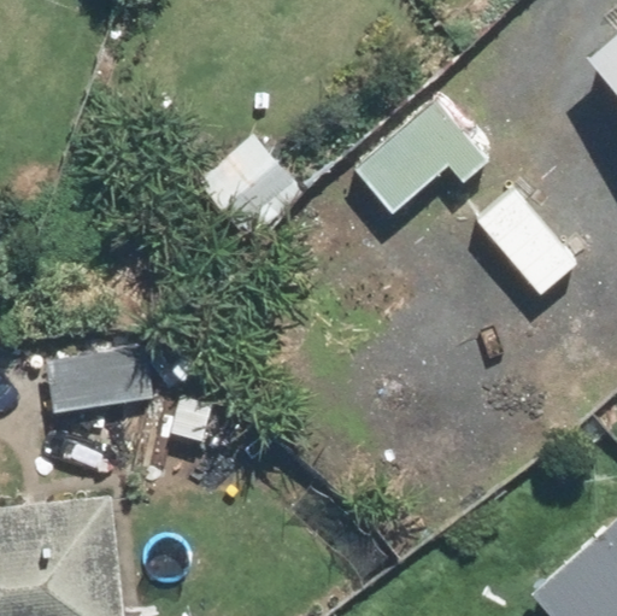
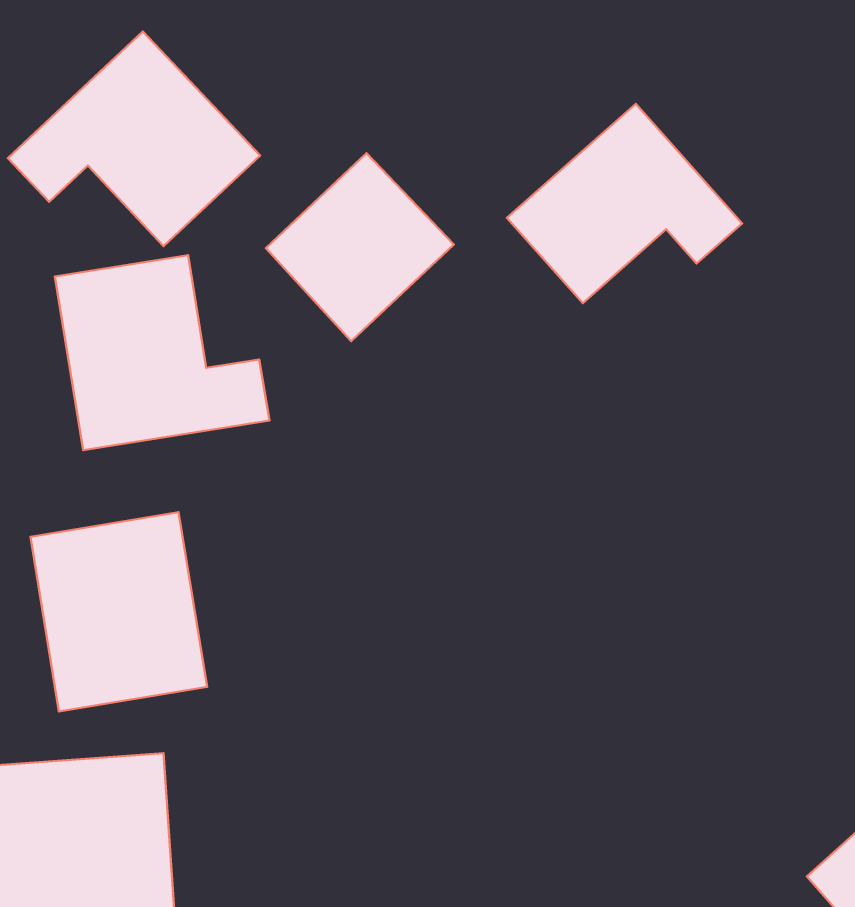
building: none -> [8,31,260,246]
building: none -> [55,255,270,450]

